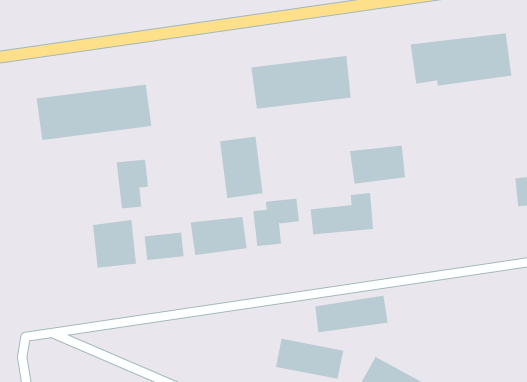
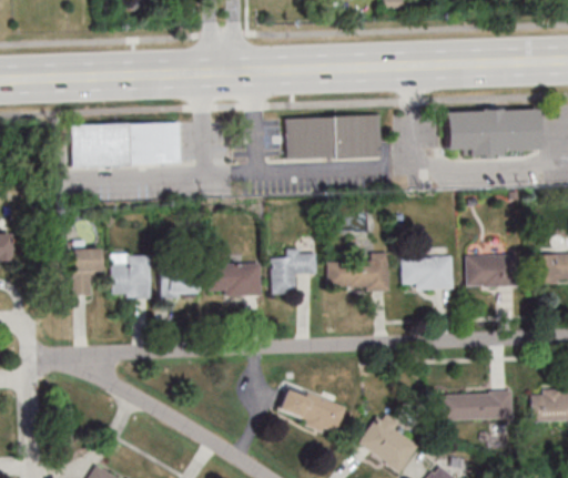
building: [219,136,263,199] -> none
building: [349,145,406,184] -> [400,256,454,289]
building: [116,159,149,209] -> [71,248,101,295]
building: none -> [466,255,515,287]
building: [315,295,388,333] -> [442,391,513,421]

